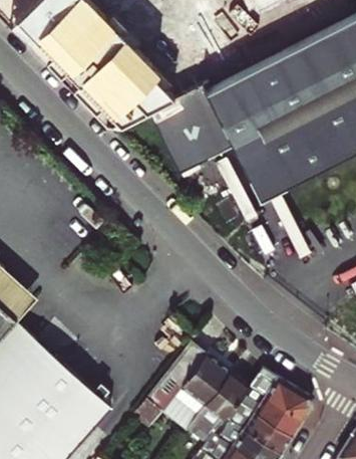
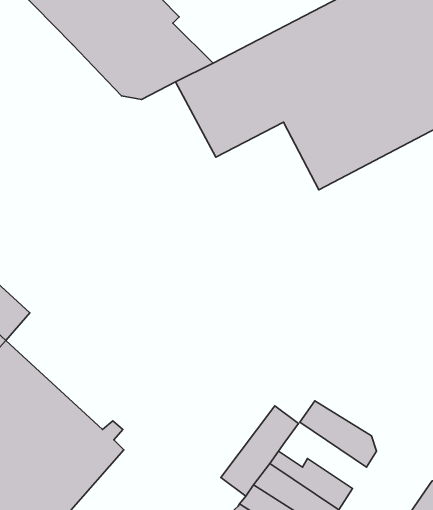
building: [132,343,229,431] -> none
building: [237,387,302,440] -> none

